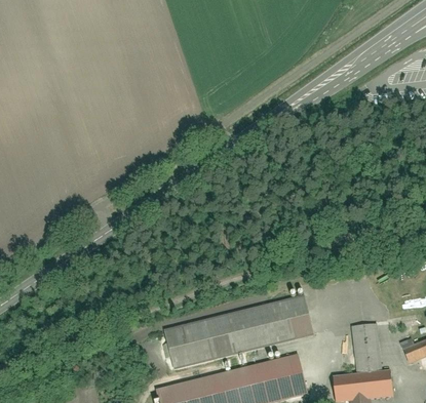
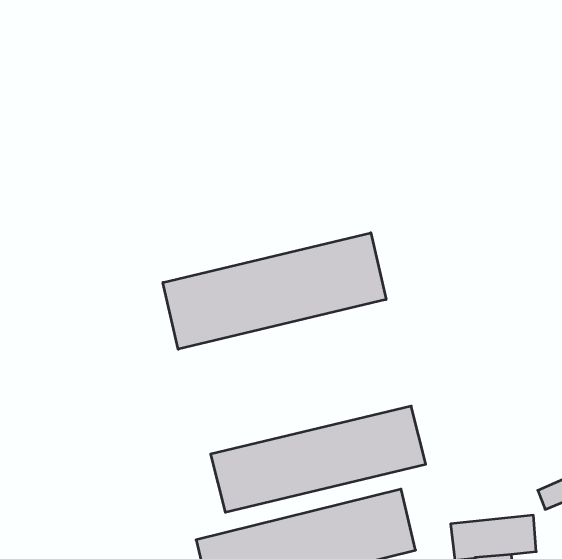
building: none -> [163,233,386,349]
building: [351,320,382,372] -> none

